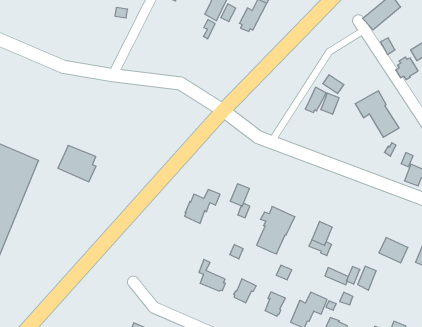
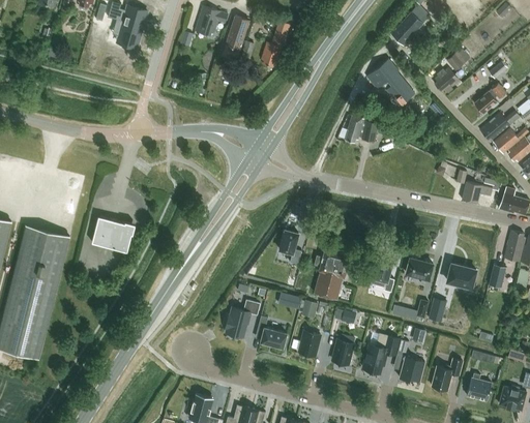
building: [355,91,399,137] -> [365,57,416,105]
building: [185,190,220,223] -> [226,300,260,337]
building: none -> [406,258,433,284]

